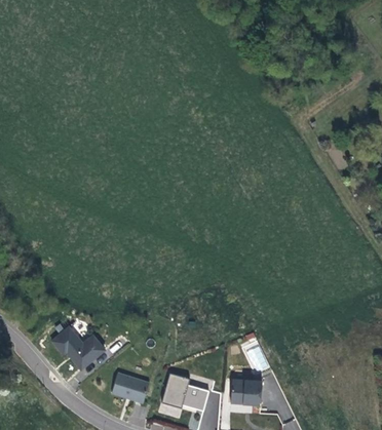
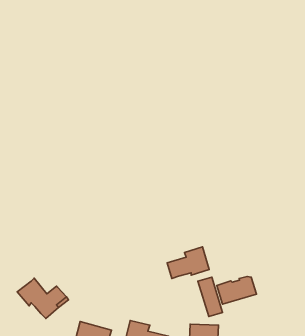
building: none -> [167,247,209,278]
building: none -> [217,276,257,304]

